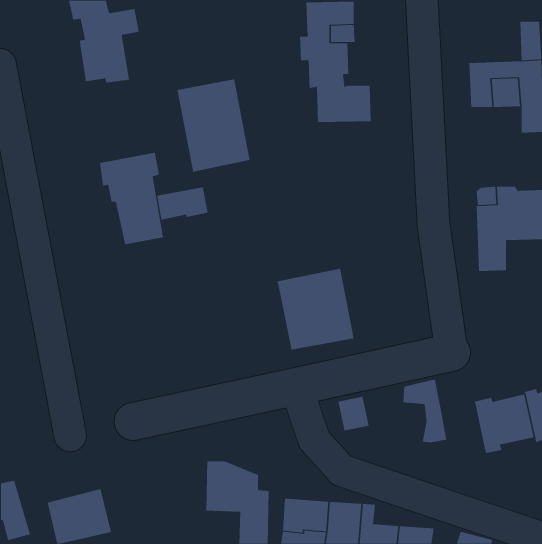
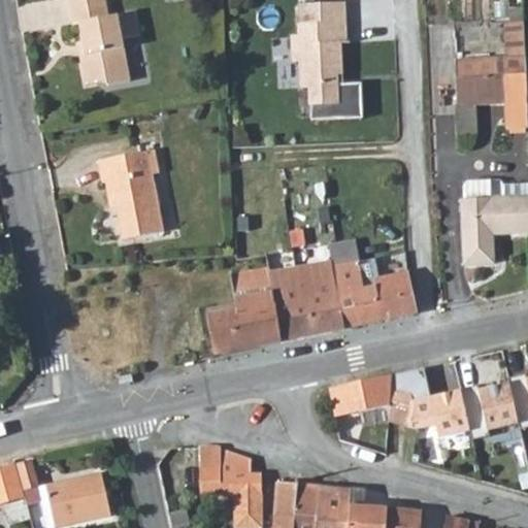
building: [177,78,250,173] -> none
building: [157,186,208,220] -> none
building: none -> [329,240,417,328]
building: none -> [210,267,284,353]
building: none -> [354,374,393,412]
building: none -> [430,392,470,438]

